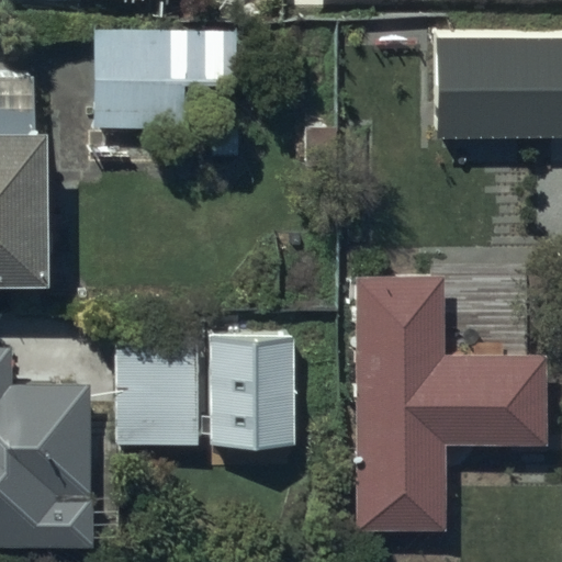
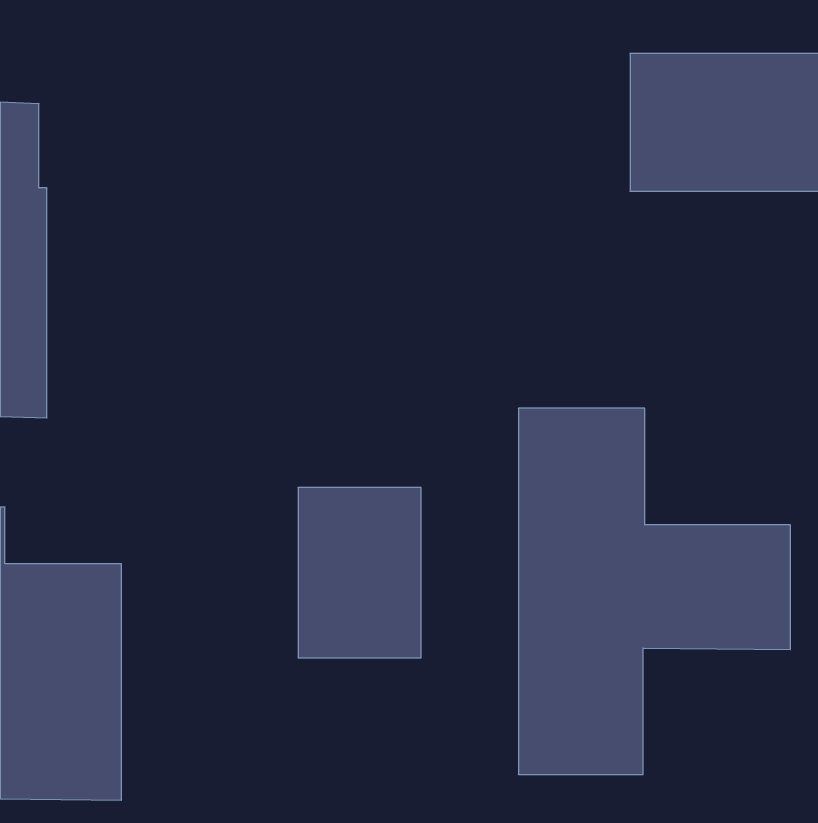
building: [94,32,233,130] -> none
building: [116,336,198,446] -> none

